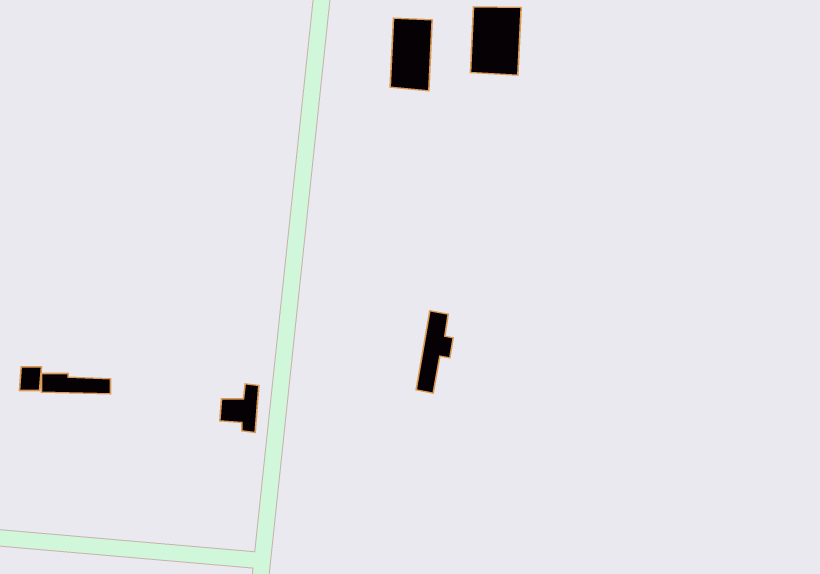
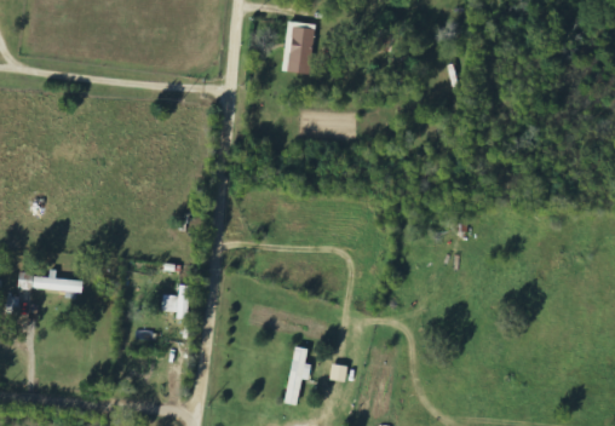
building: [470,7,521,75] -> none
building: [416,311,453,393] -> [284,346,311,405]

